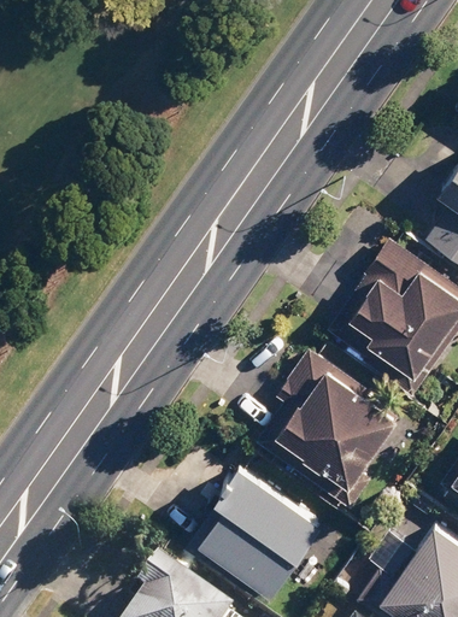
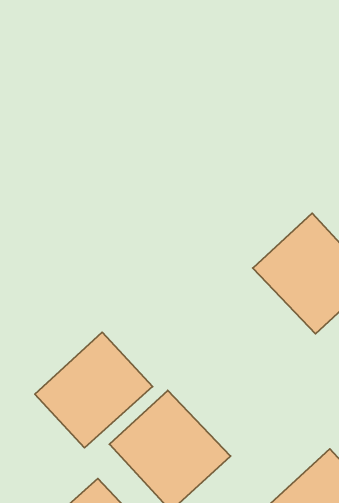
building: [272,355,410,492] -> none
building: none -> [35,332,153,448]

